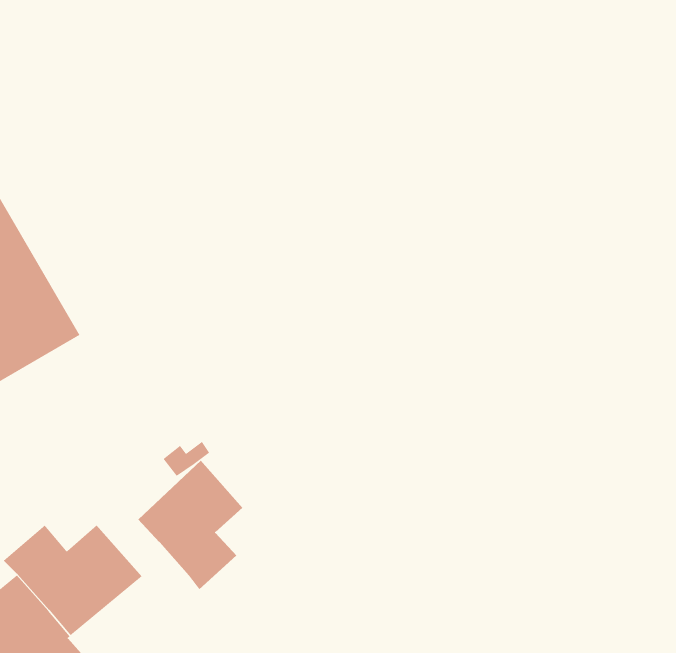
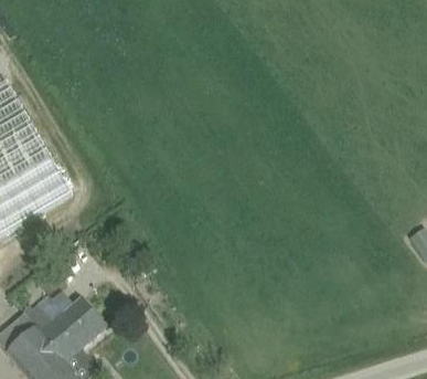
building: [137,460,243,590] -> none

